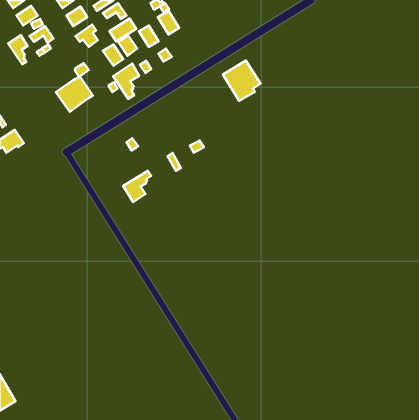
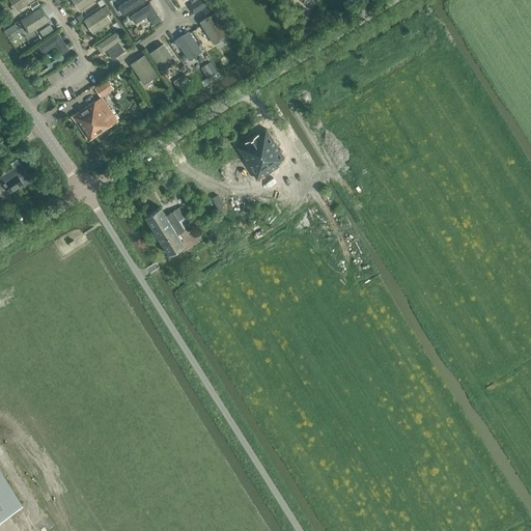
building: [109,18,136,42] -> none
building: [8,35,27,64] -> none
building: [223,60,260,101] -> [235,129,283,179]
building: [113,64,139,99] -> none
building: none -> [144,206,187,234]

